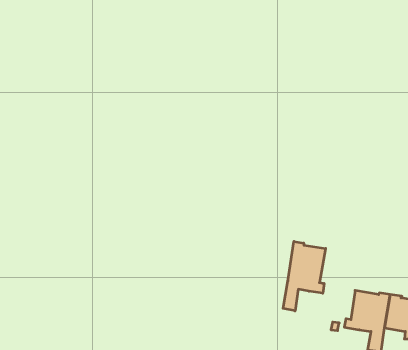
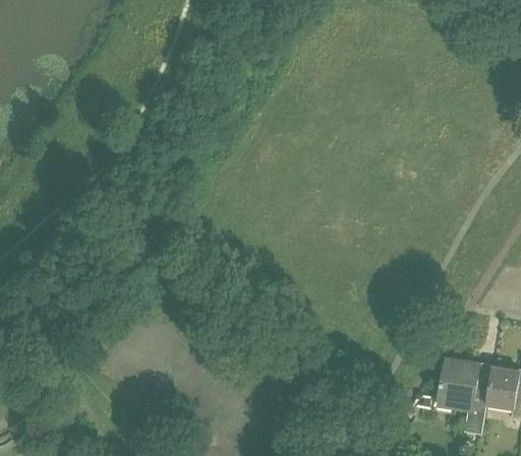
building: [283,241,326,311] -> none

